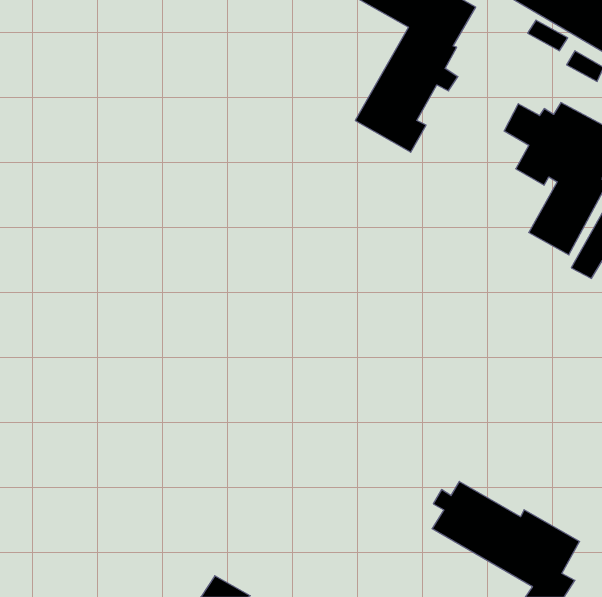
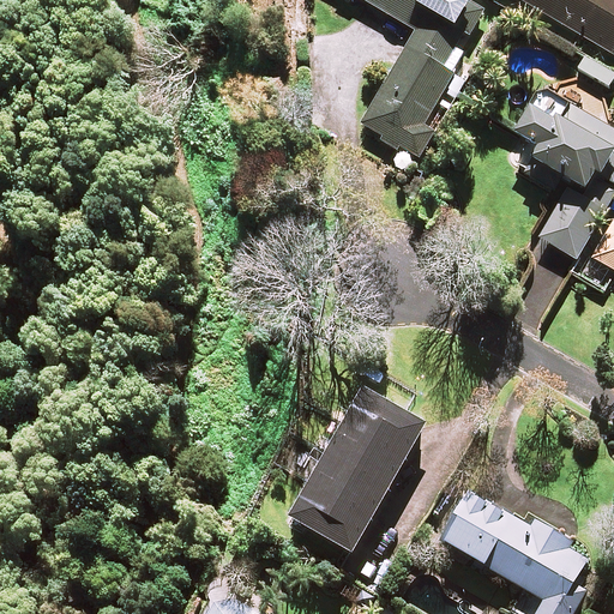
building: none -> [289,386,425,552]

